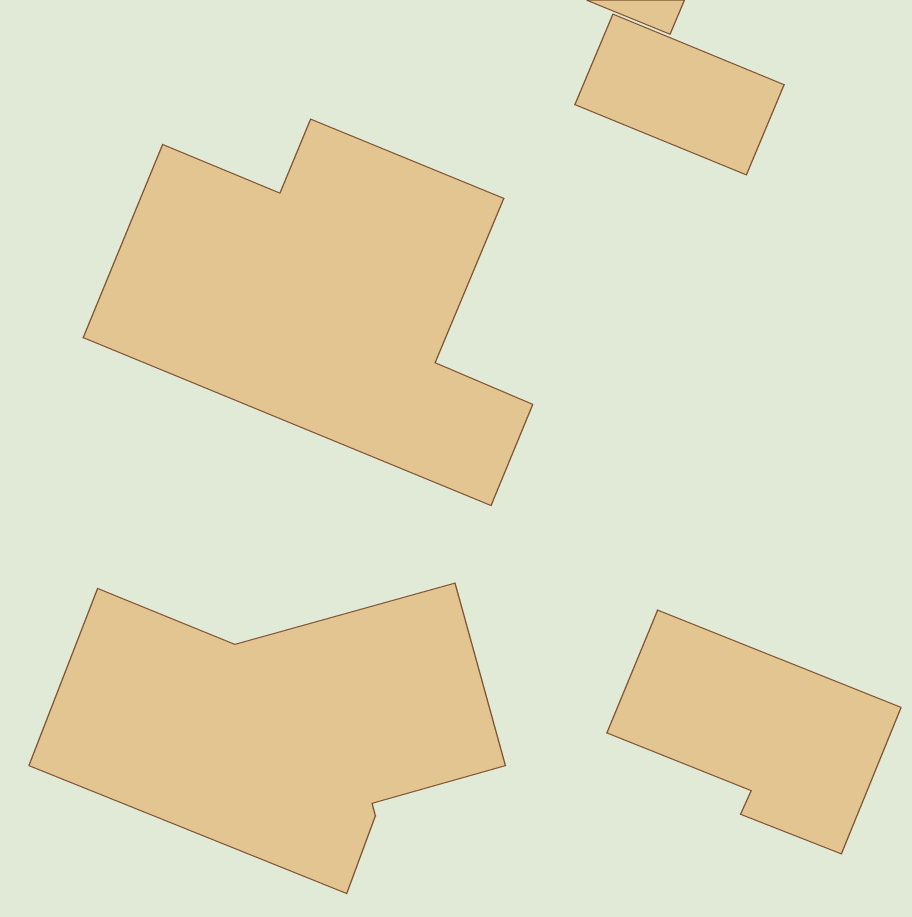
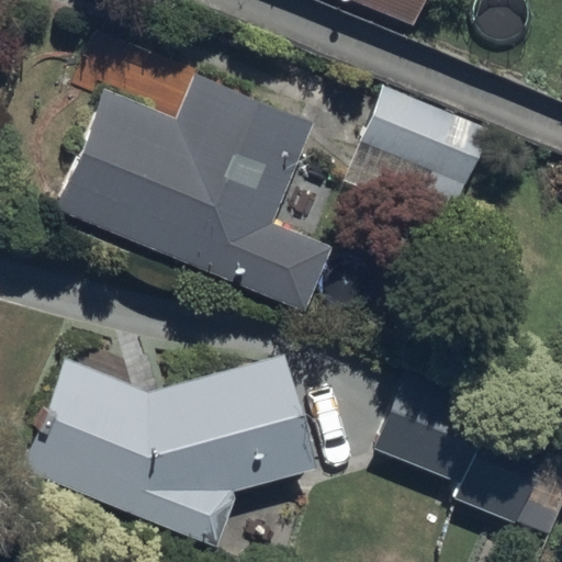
building: [575,14,784,175] -> [362,88,490,186]

